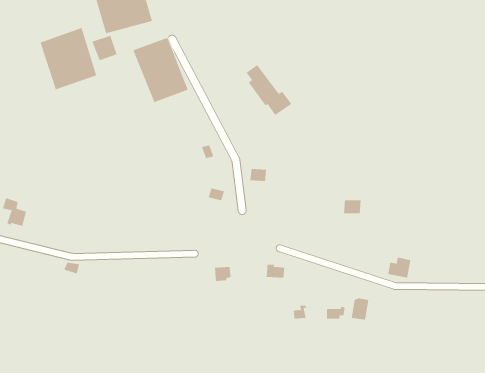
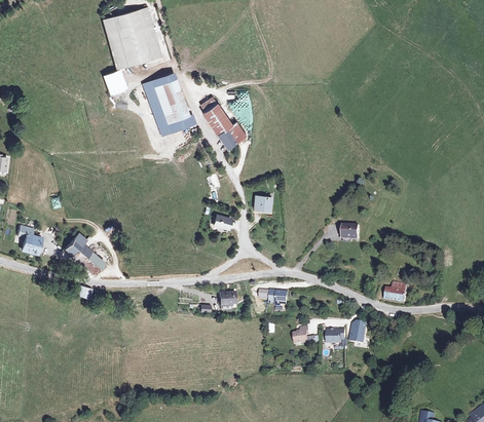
building: [40,27,97,90] -> none
building: [246,64,292,116] -> [200,97,245,146]
building: none -> [67,236,105,276]

